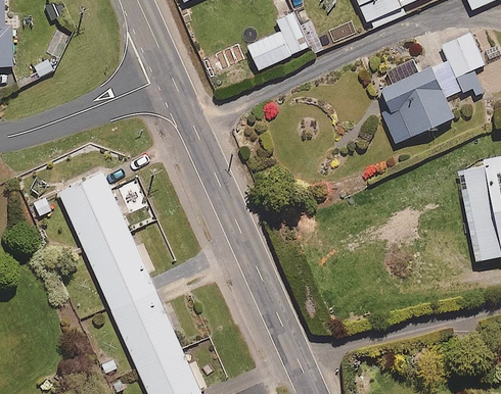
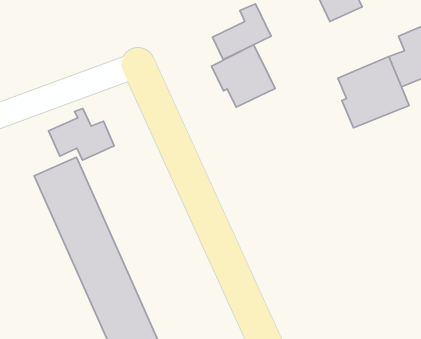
building: none -> [212,45,275,107]
building: none -> [48,109,114,160]

